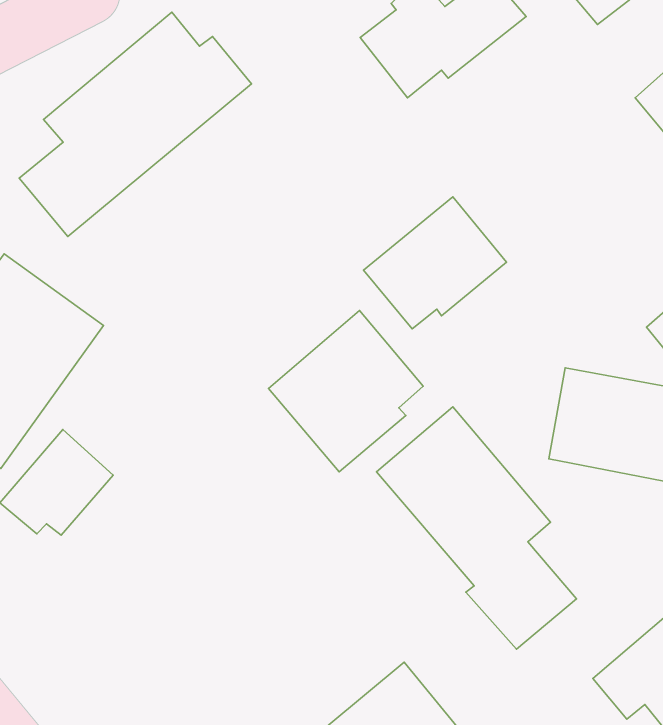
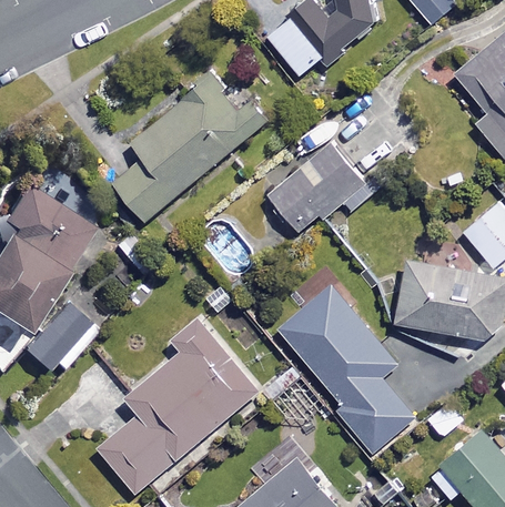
building: [19,12,252,237] -> [112,69,271,222]
building: [269,311,423,472] -> none
building: none -> [98,323,257,495]

